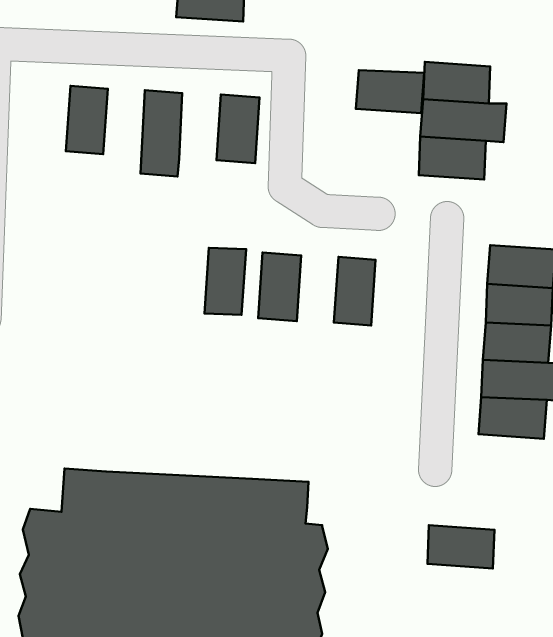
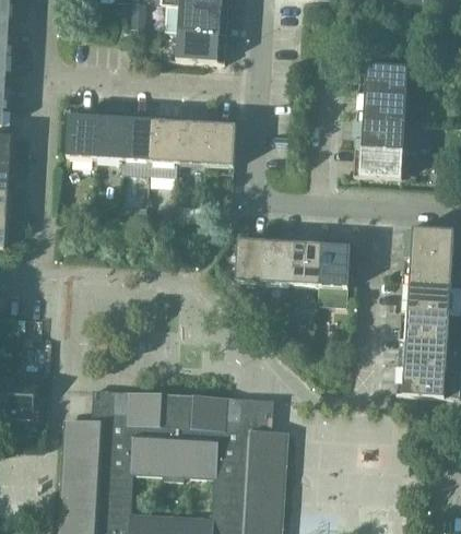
building: [356,70,424,113] -> [358,67,409,98]
building: none -> [67,111,98,161]
building: none -> [122,115,153,177]
building: none -> [178,118,209,167]
building: [204,248,246,315] -> [264,237,295,286]
building: none -> [319,240,351,289]
building: [427,525,494,568] -> [397,368,446,400]

